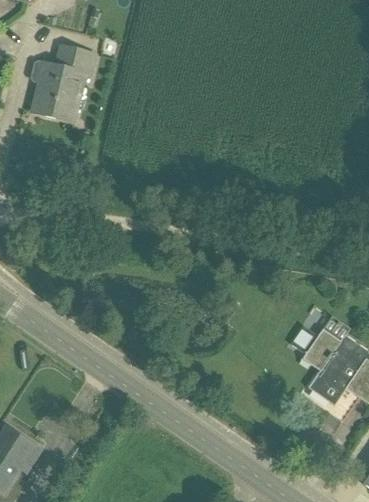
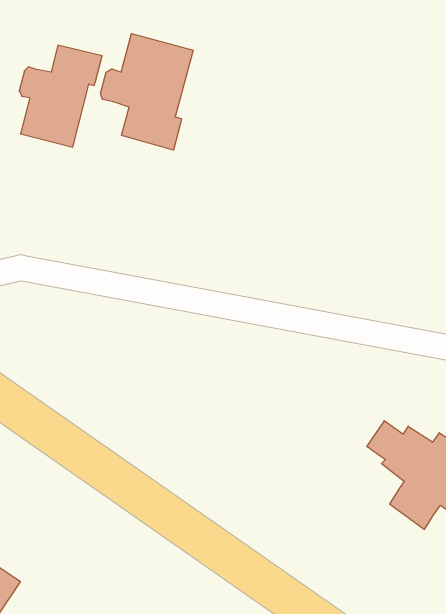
building: none -> [101,34,193,150]

